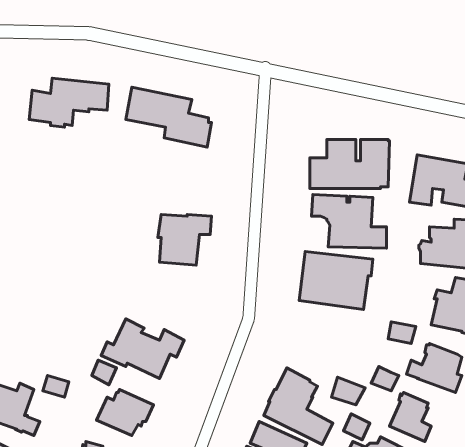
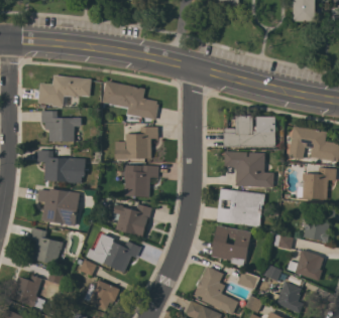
building: none -> [41,111,81,142]
building: none -> [115,127,157,159]
building: none -> [37,149,85,183]
building: none -> [37,188,80,225]
building: none -> [113,203,151,237]
building: none -> [211,224,250,266]
building: none -> [29,227,63,265]

